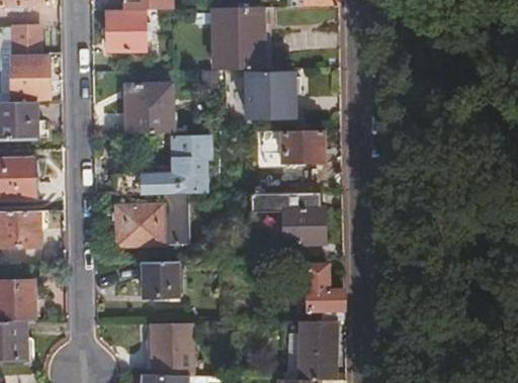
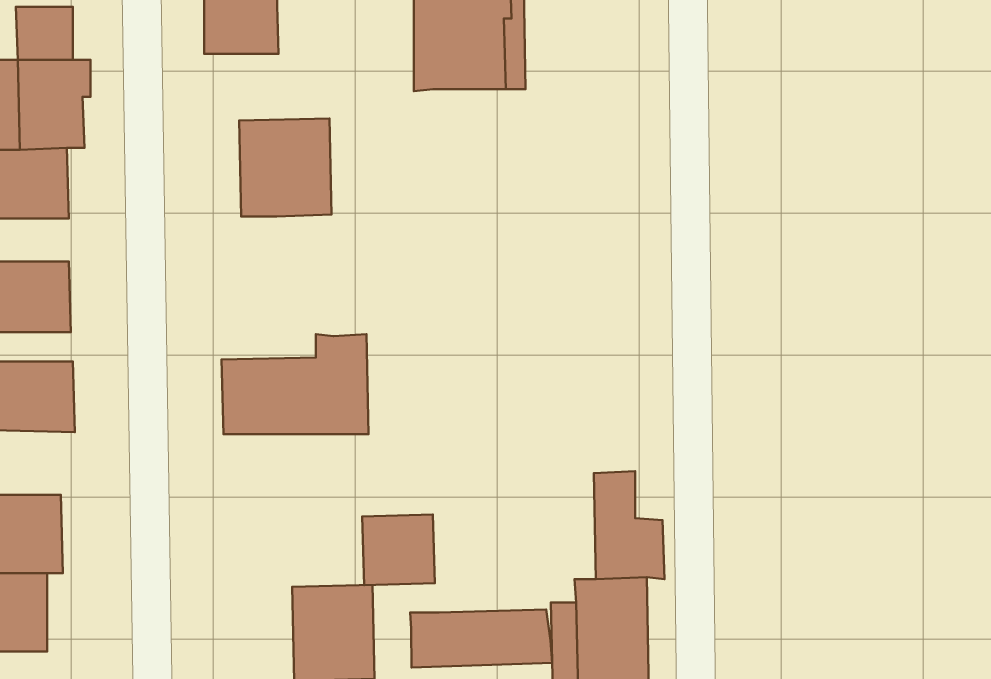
building: [248,72,293,114] -> none
building: [284,131,324,162] -> none
building: [114,136,210,195] -> none
building: [257,192,326,242] -> none
building: [143,263,180,299] -> [362,515,435,585]
building: none -> [410,609,552,667]

